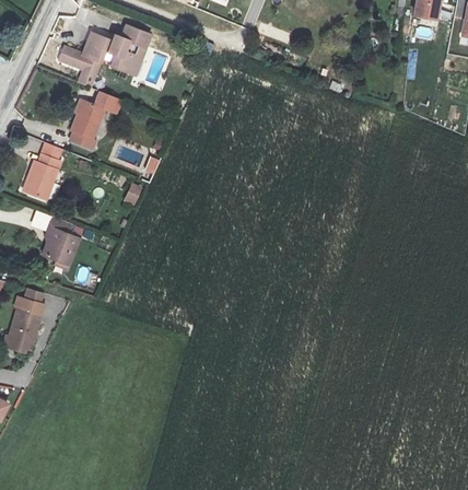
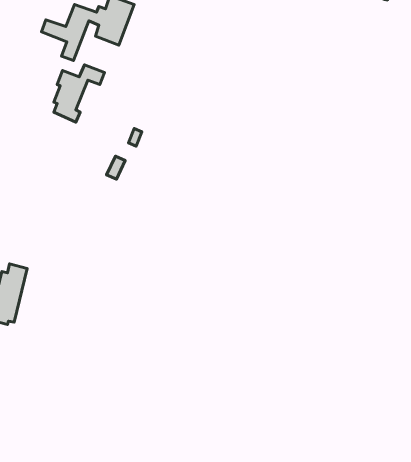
building: [23,142,60,198] -> none
building: [42,217,83,270] -> none

